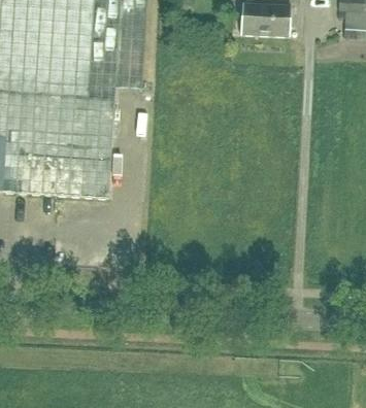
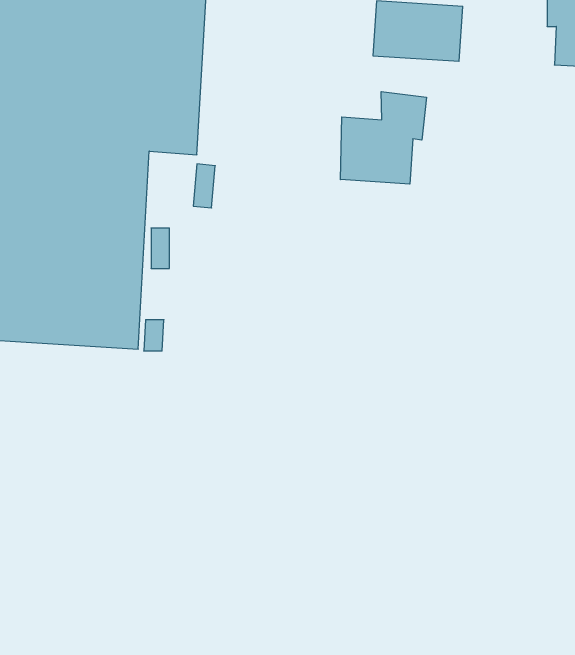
building: none -> [340,92,426,184]

